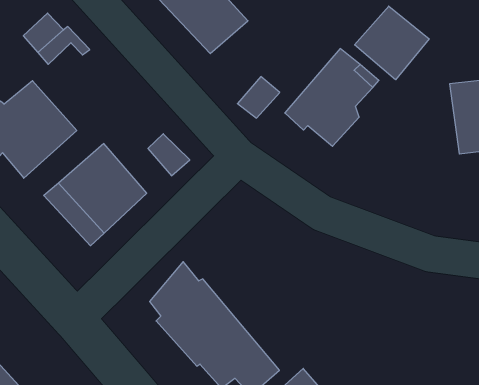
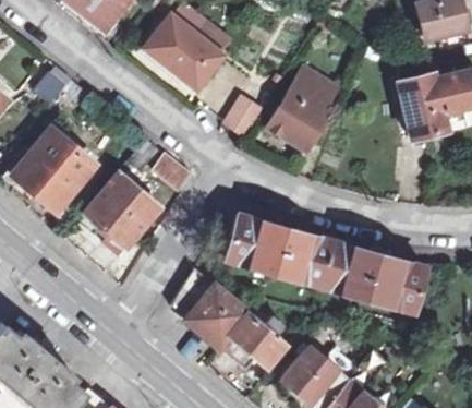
building: [355,6,429,80] -> none
building: none -> [227,217,425,311]

